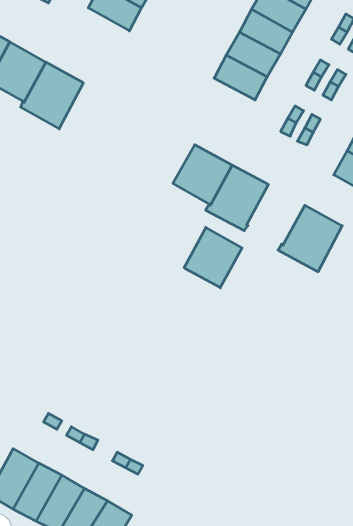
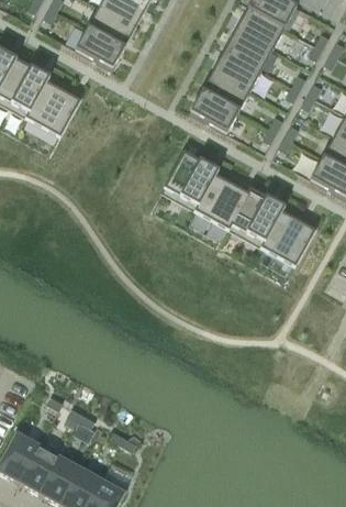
building: none -> [74,30,123,73]
building: none -> [188,93,237,135]
building: [184,227,242,288] -> [230,190,282,245]

